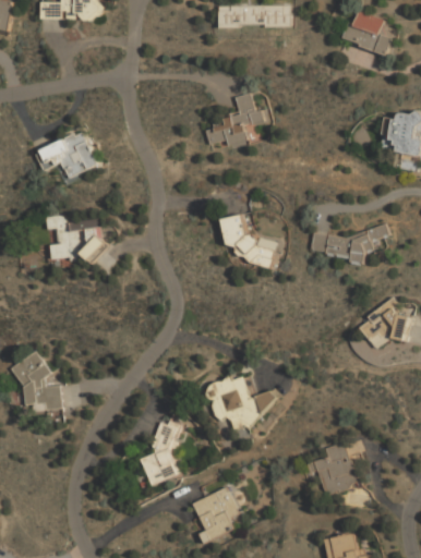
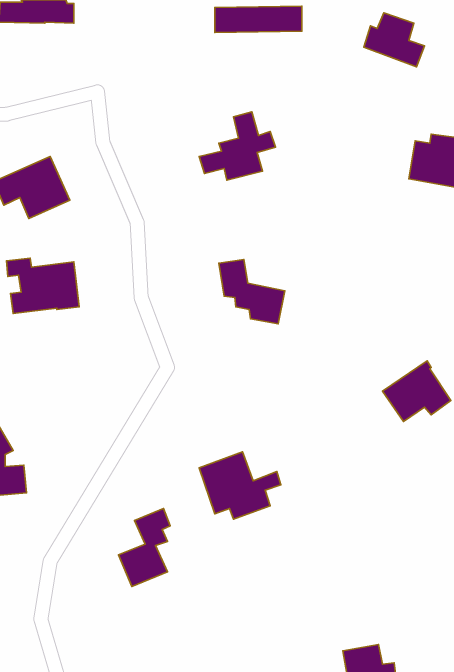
building: [310,225,388,266] -> none
building: [306,442,358,496] -> none
building: [192,487,238,543] -> none

